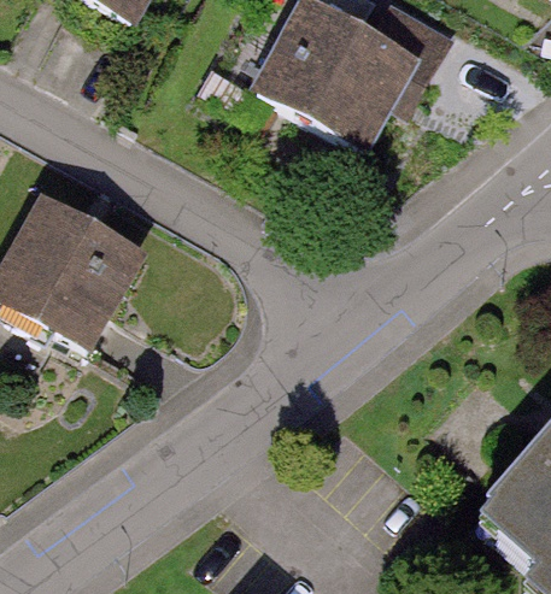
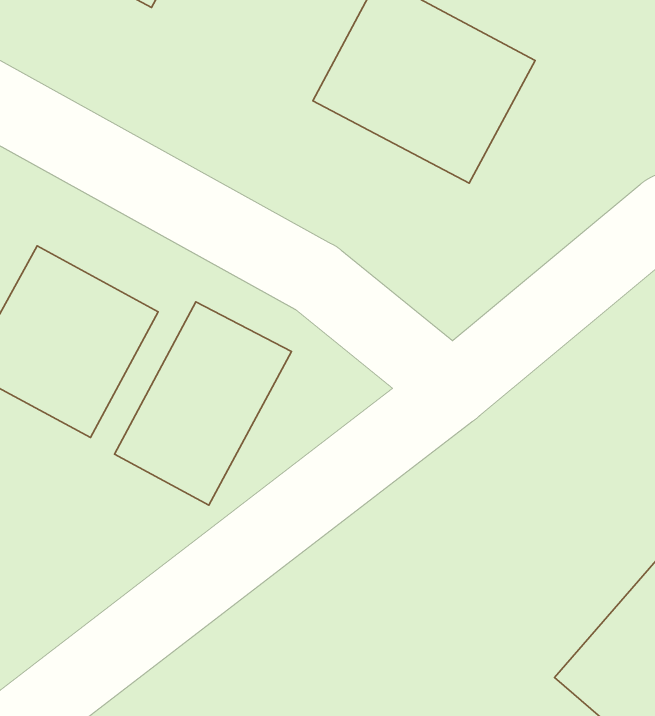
building: none -> [114,302,292,505]

